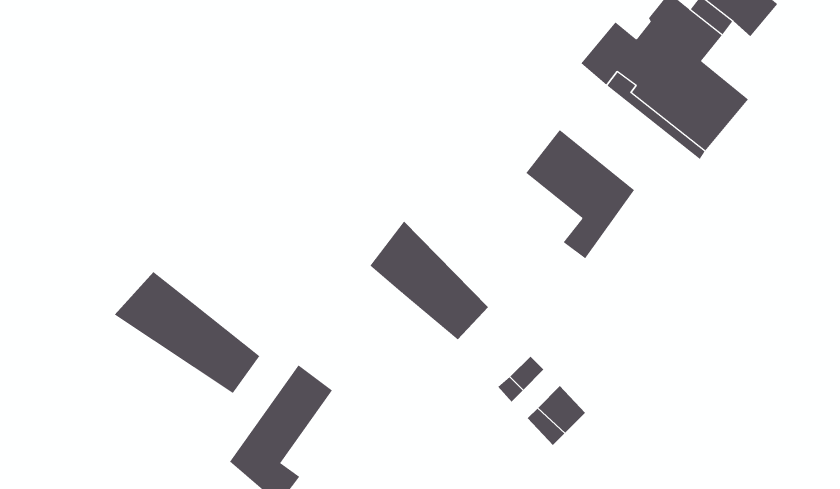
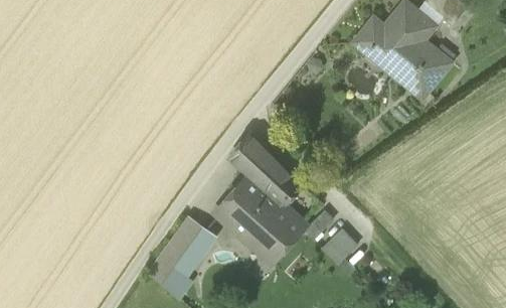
building: [526,129,635,259] -> none
building: [114,271,260,394] -> none
building: none -> [216,175,306,262]

